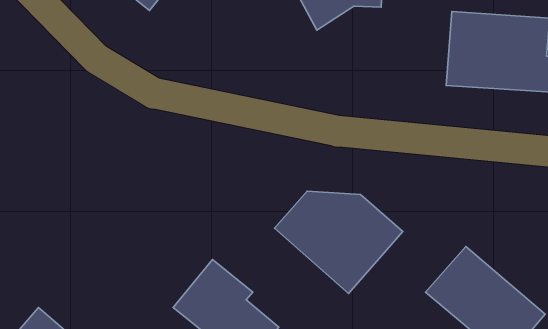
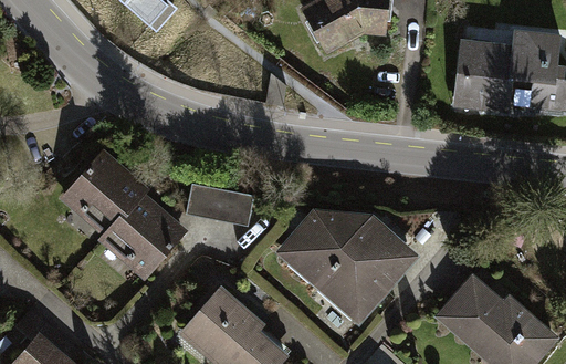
building: none -> [59,153,185,274]
building: none -> [187,185,251,223]

